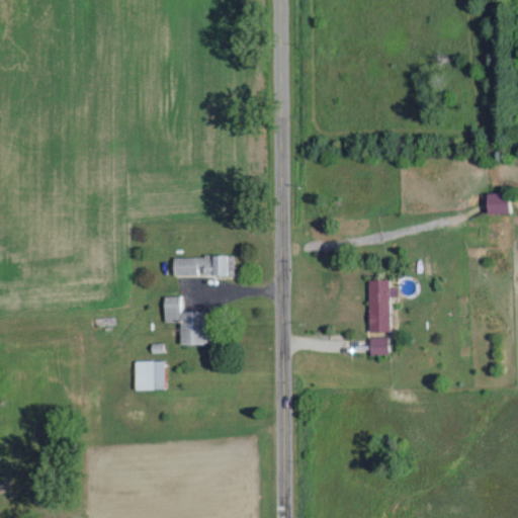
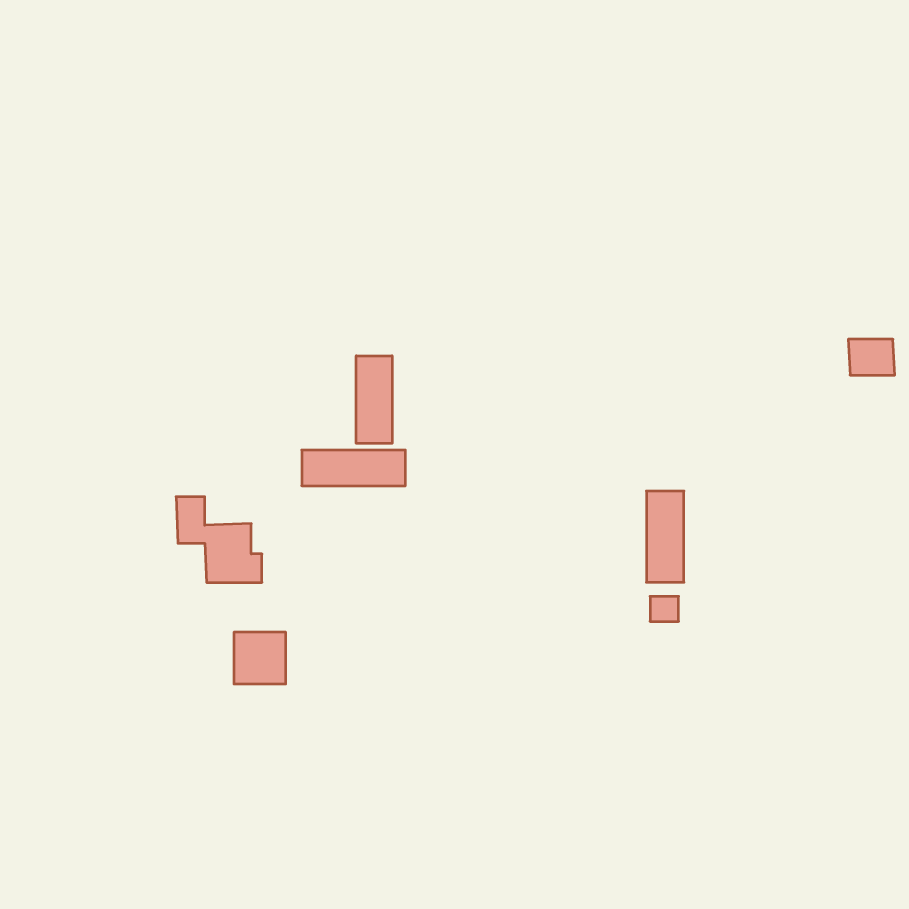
building: none -> [356,356,392,443]
building: [163,296,211,345] -> [176,497,262,582]

